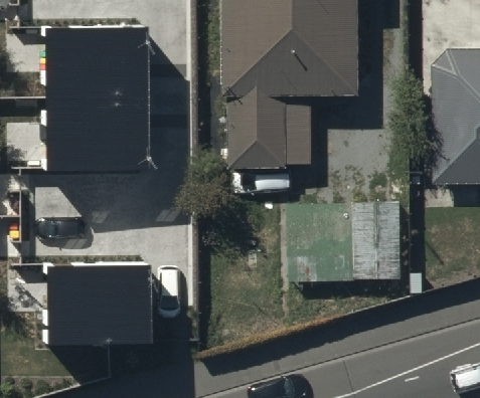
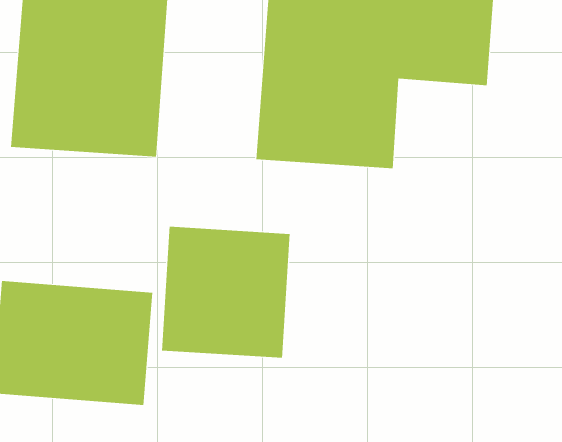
building: [289,203,402,290] -> none
building: none -> [162,226,290,358]

